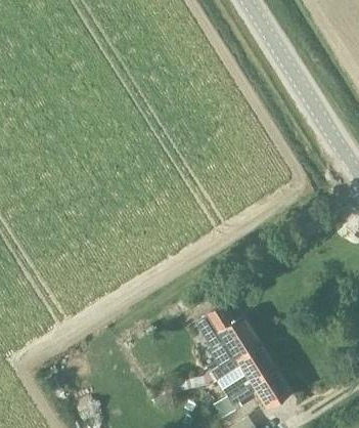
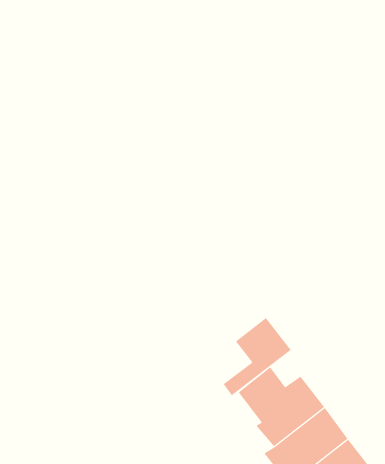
building: none -> [223,317,291,396]

